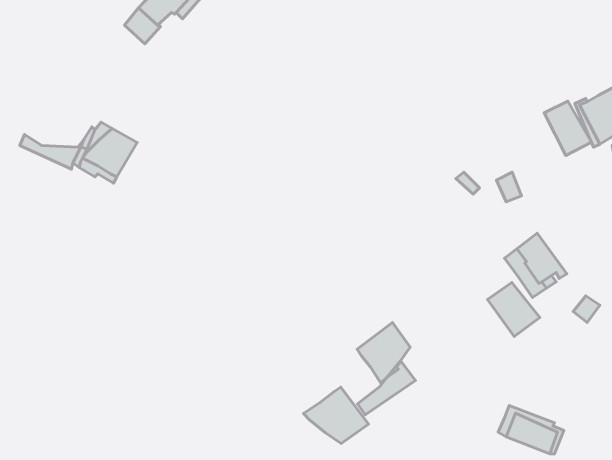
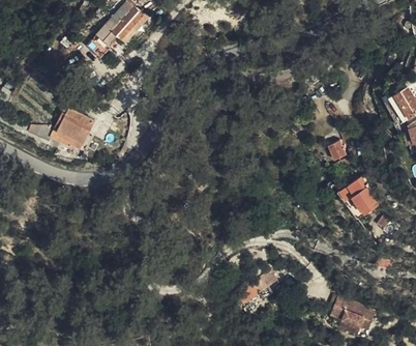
building: [544,101,591,155] -> none
building: [487,283,540,337] -> none
building: [357,323,410,383] -> none
building: [303,387,368,444] -> none

